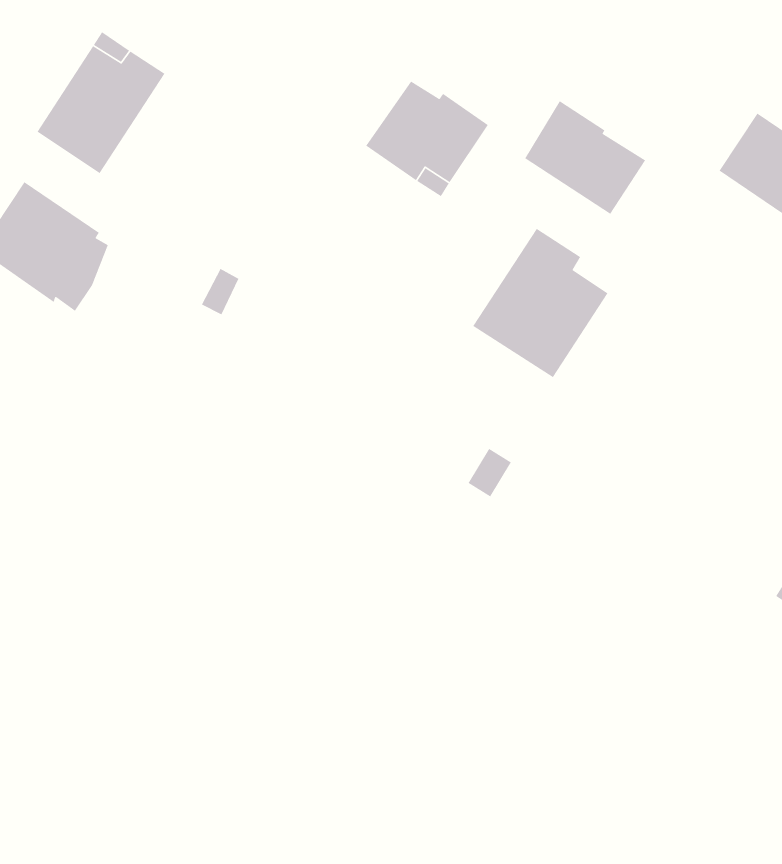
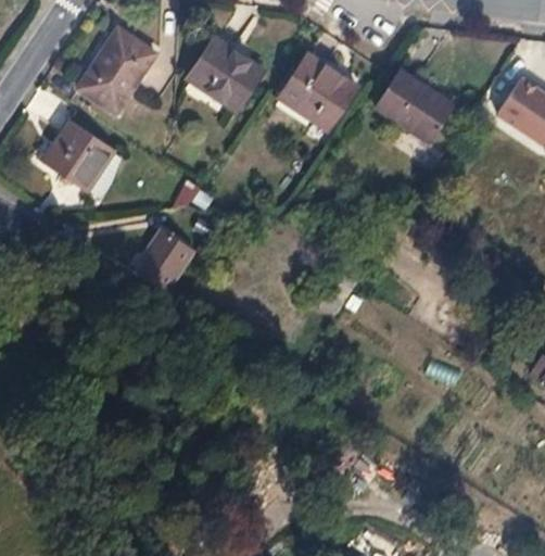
building: none -> [187,37,261,110]
building: [472,228,609,378] -> none
building: none -> [147,245,186,293]

